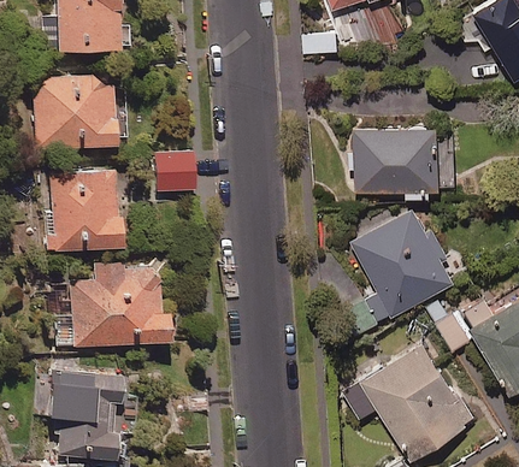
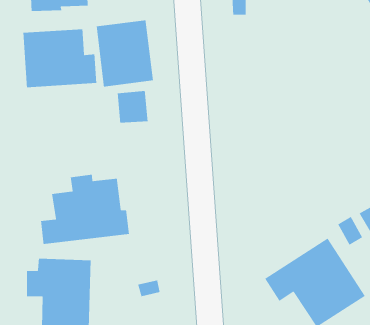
building: [348,129,442,197] -> none
building: [46,166,120,254] -> [96,19,154,87]
building: [348,211,455,337] -> none

